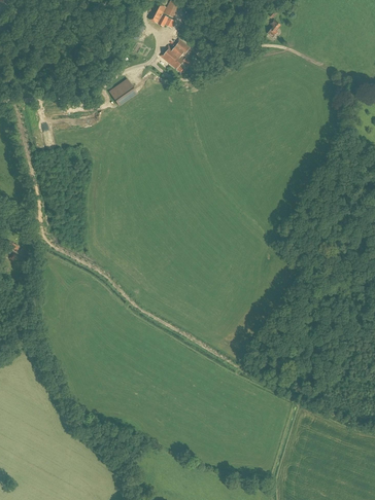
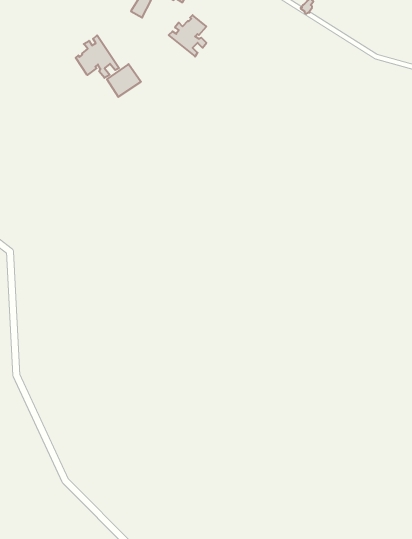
building: none -> [76,35,119,78]

